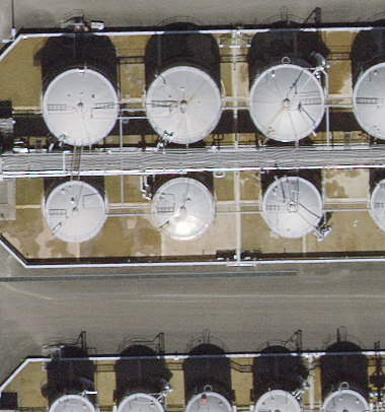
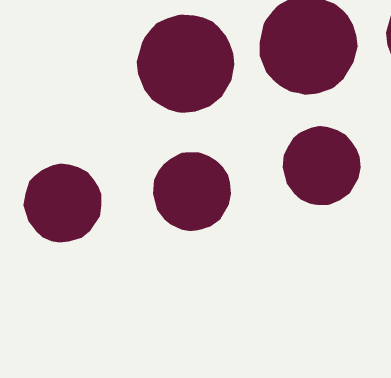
building: [35,65,119,148] -> none

